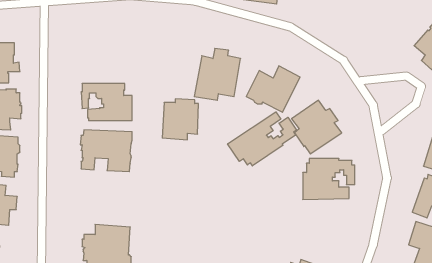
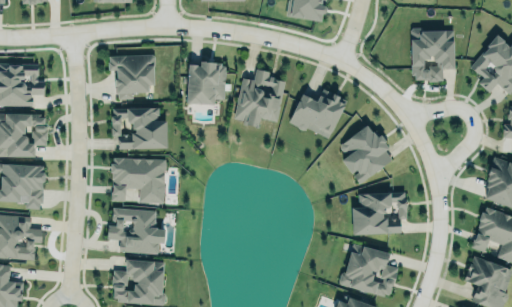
building: none -> [411,29,454,81]
building: none -> [108,54,154,99]
building: [162,99,198,140] -> [188,60,227,104]
building: [228,112,296,166] -> none
building: none -> [108,206,166,253]
building: none -> [340,243,398,296]

